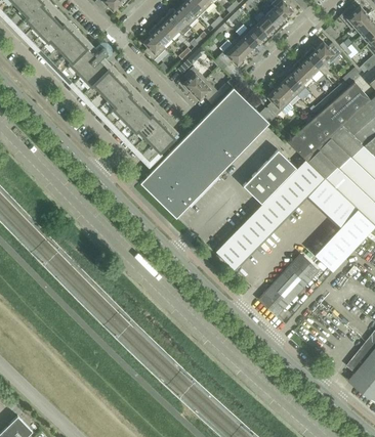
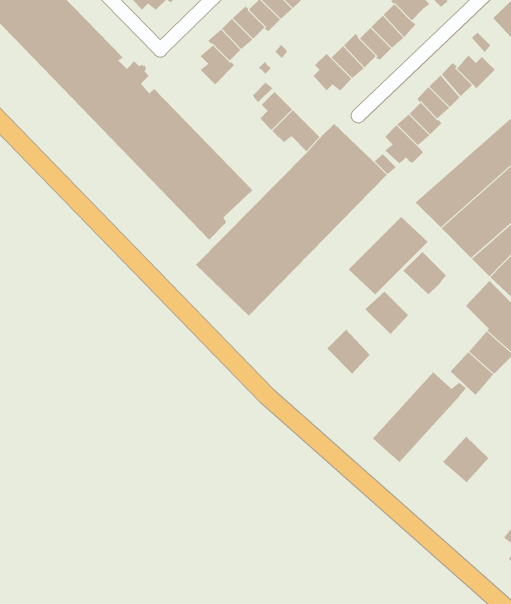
building: [293,161,338,210] -> none
building: [267,186,297,216] -> none
building: [242,212,272,243] -> none
building: [215,238,246,269] -> none
building: none -> [442,436,489,483]

